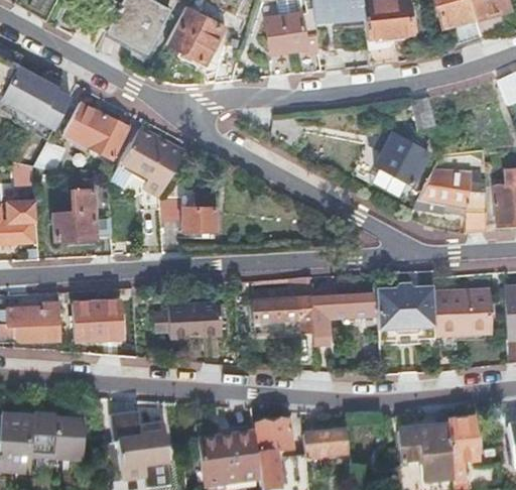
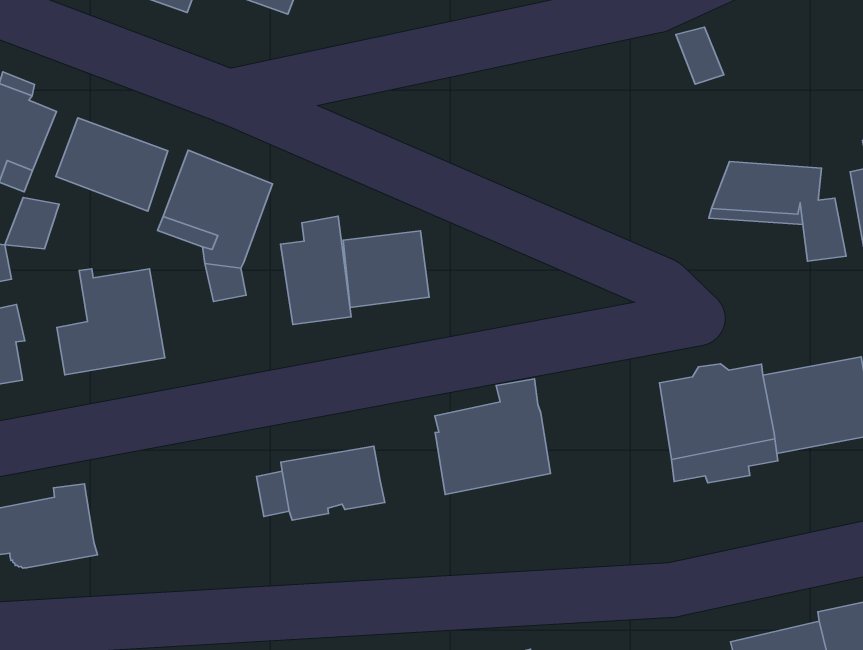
building: [375,131,428,183] -> none
building: none -> [343,231,429,307]
building: [310,287,373,343] -> none
building: [72,299,122,338] -> none

